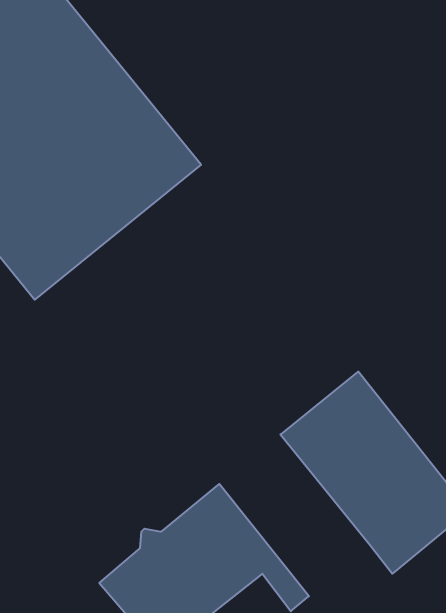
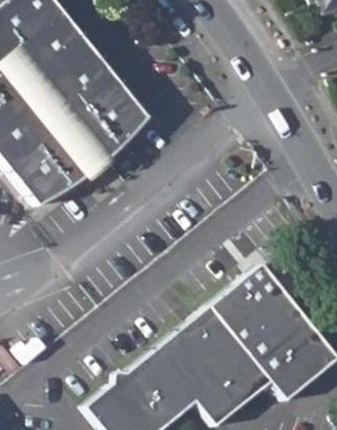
building: none -> [165,305,268,416]

